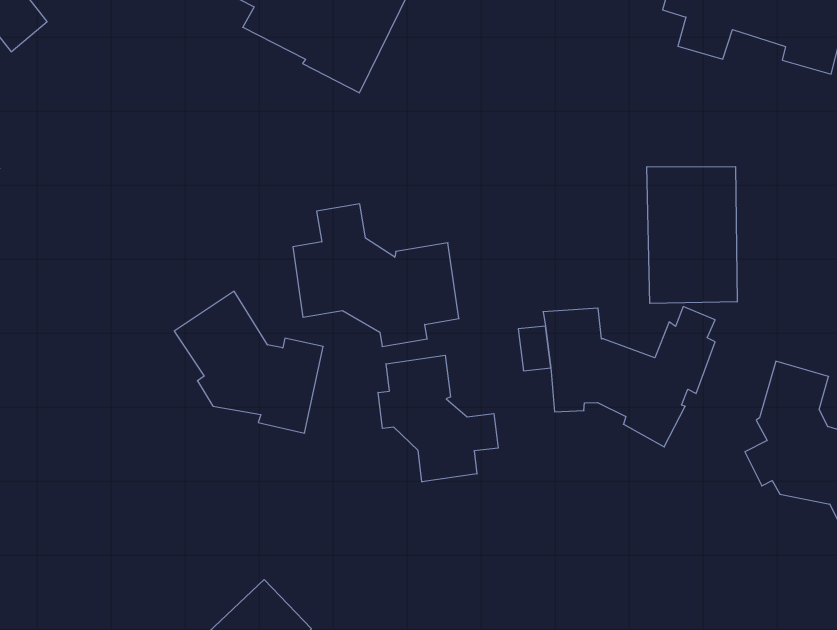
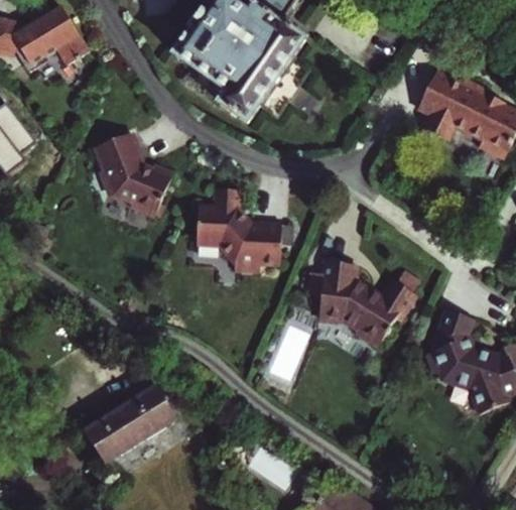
building: [647,167,737,303] -> none
building: [174,291,323,433] -> [92,131,171,215]
building: [378,355,498,482] -> none

